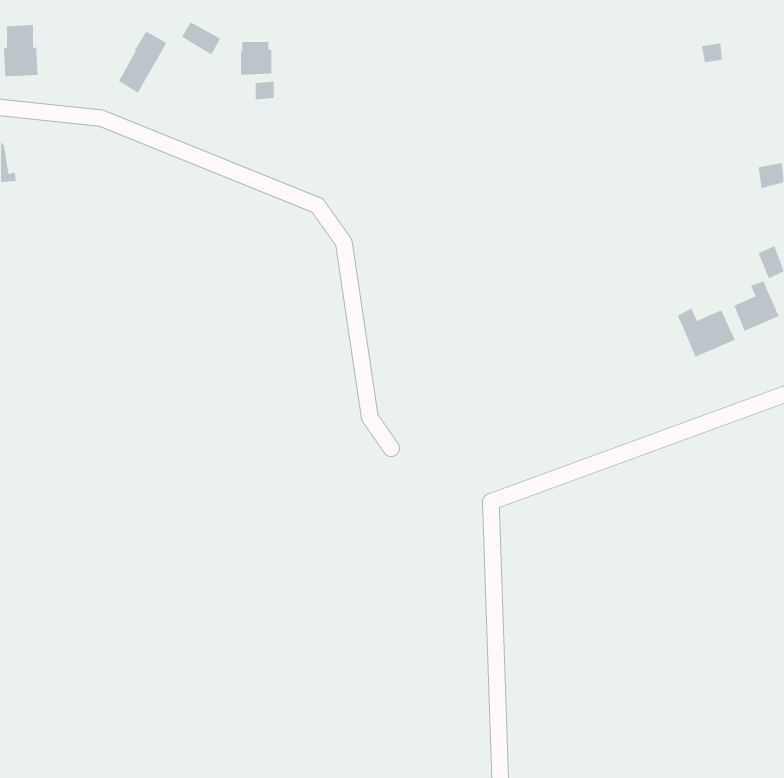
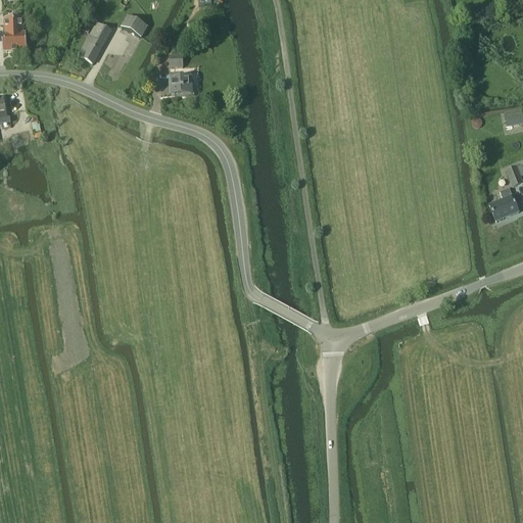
building: [240,42,272,75] -> [170,72,191,94]
building: [677,308,735,357] -> none

